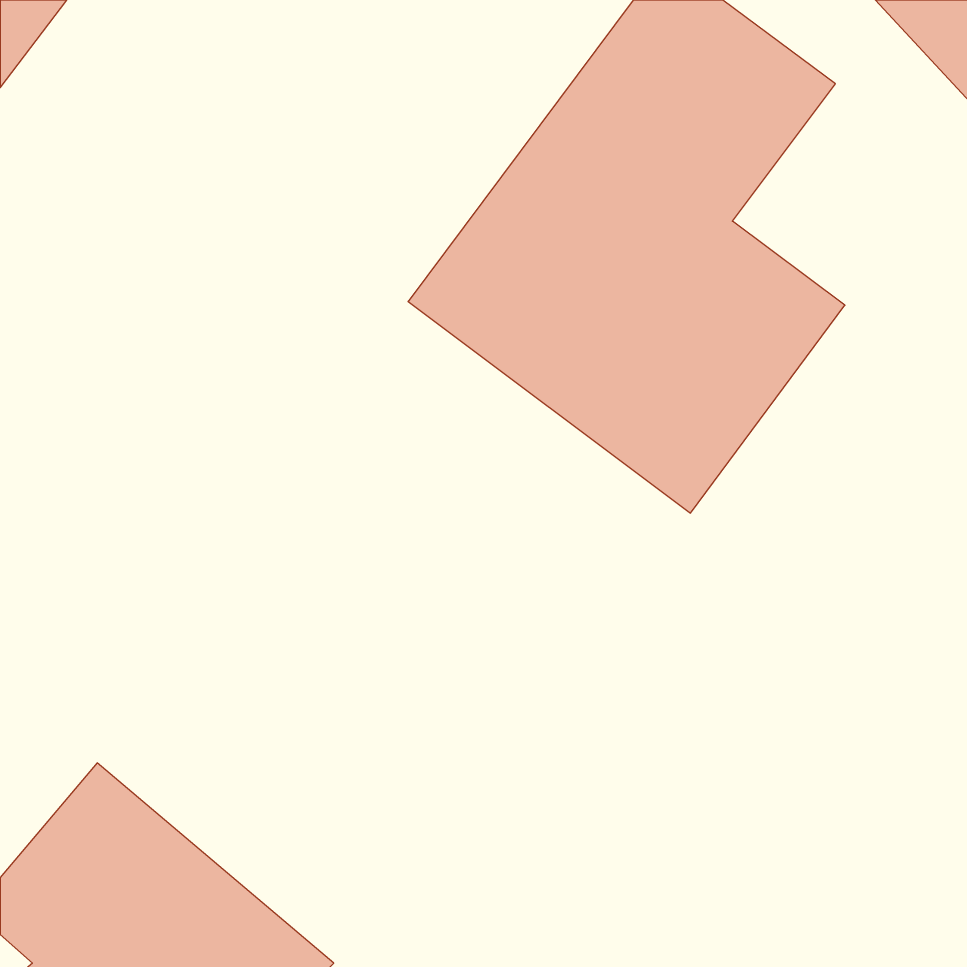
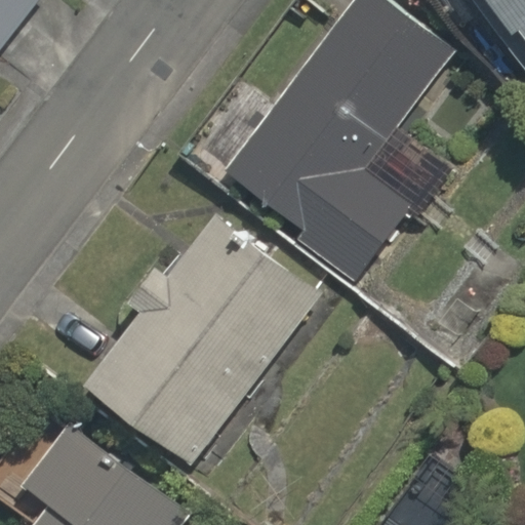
building: none -> [118,241,310,462]

